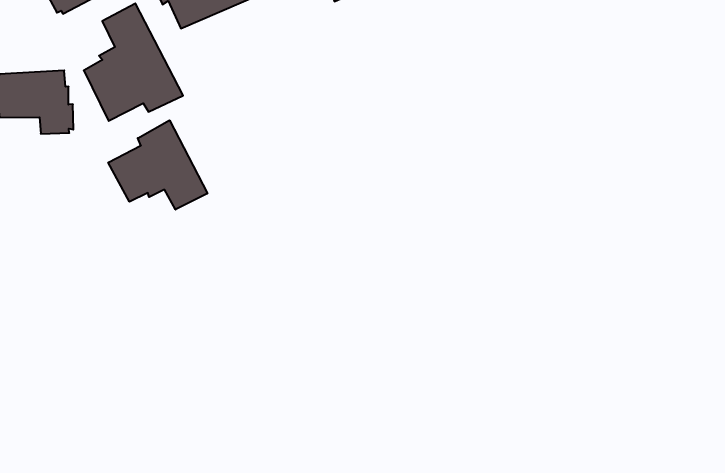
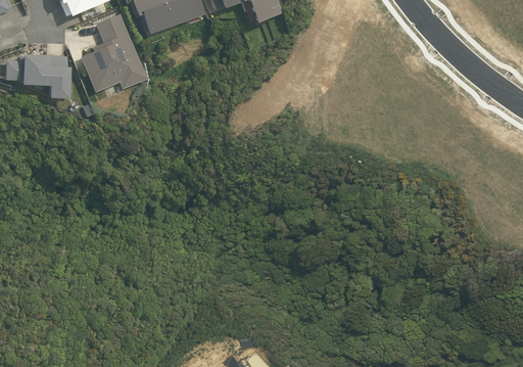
building: [108,120,207,210] -> none

